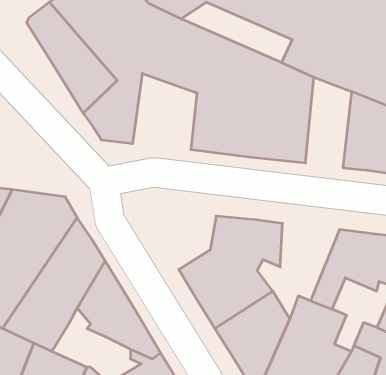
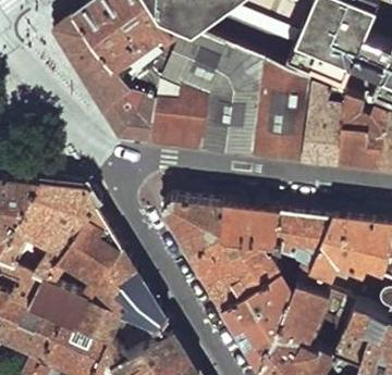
building: none -> [147,79,205,148]
building: none -> [303,83,344,164]
building: none -> [161,202,222,255]
building: none -> [280,214,333,284]
building: none -> [74,302,121,343]

